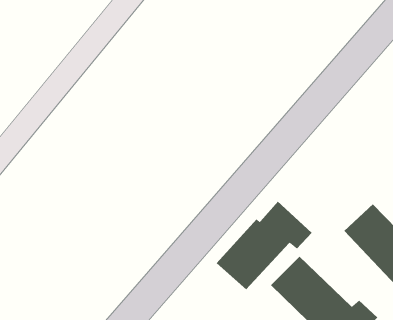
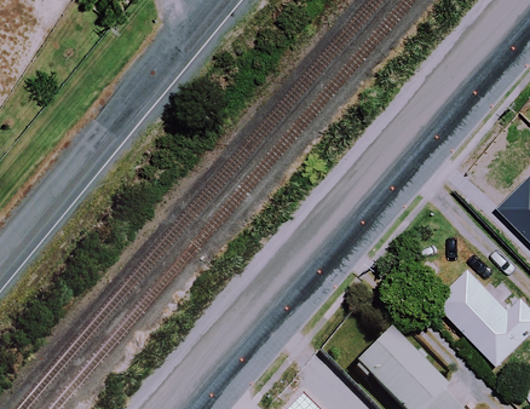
building: [216,201,312,290] -> none

